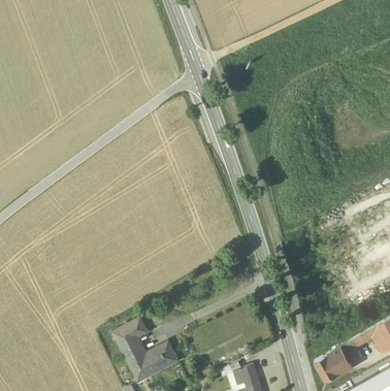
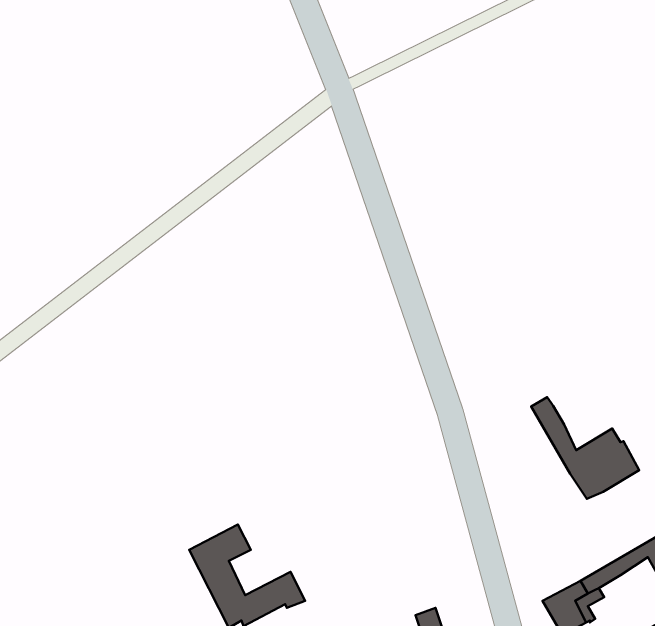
building: none -> [531,397,639,499]

